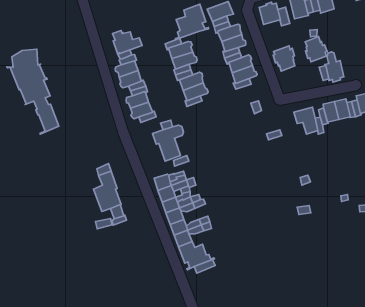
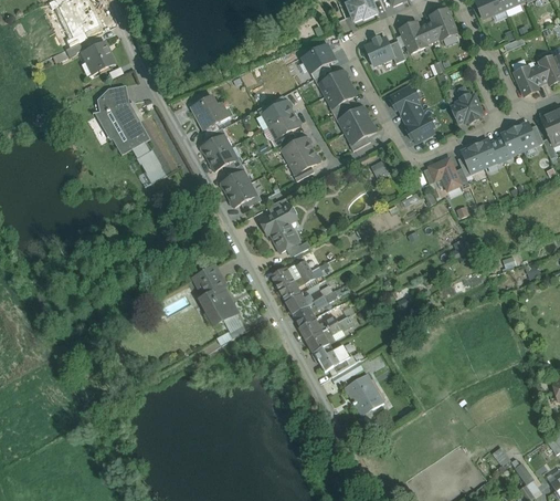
building: [175,4,208,40] -> none
building: [305,37,327,62] -> [404,109,433,142]
building: [7,49,59,134] -> [91,84,166,187]
building: none -> [345,375,383,416]

